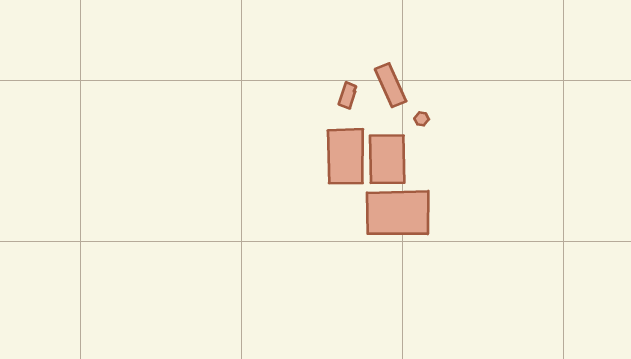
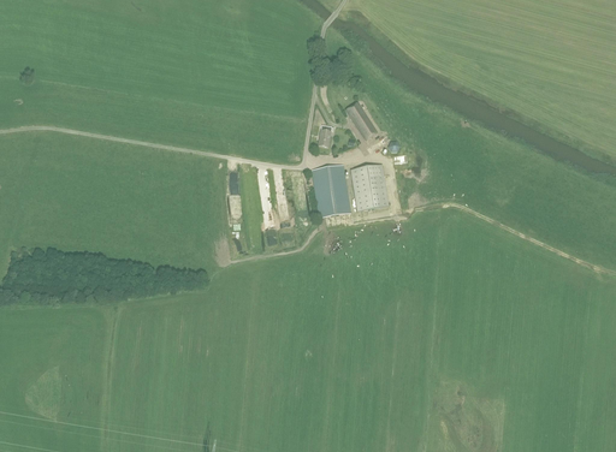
building: [367,191,428,234] -> none

